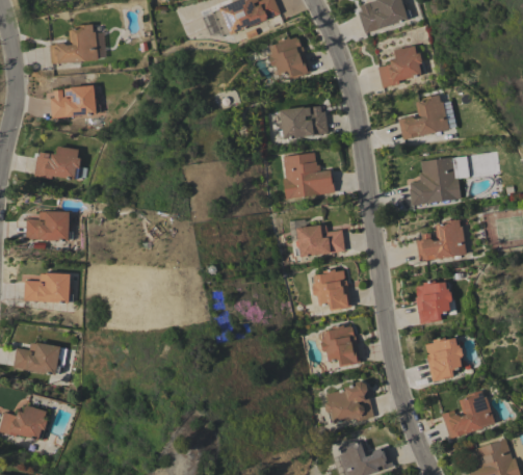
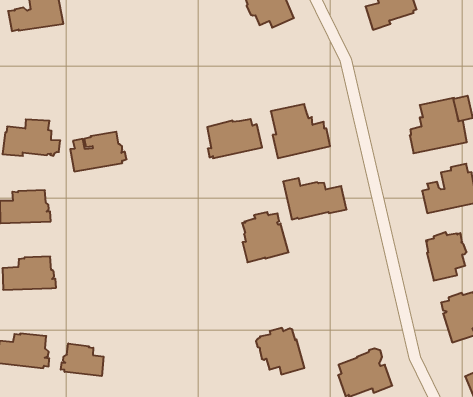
building: [50,85,101,118] -> [70,132,127,171]
building: [398,94,449,139] -> none
building: [279,106,329,139] -> [207,119,262,158]
building: [310,268,351,313] -> [242,212,289,262]
building: [318,324,361,367] -> [256,328,304,374]
building: none -> [61,343,104,376]

